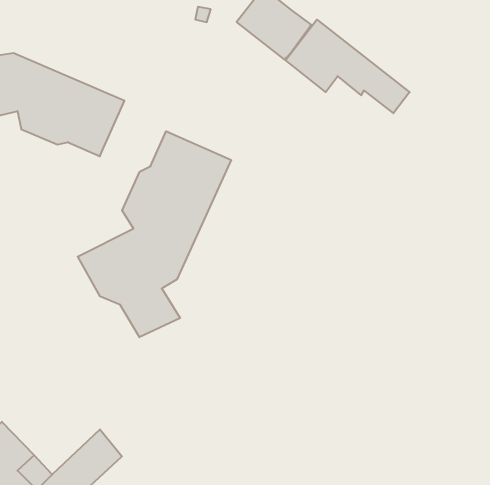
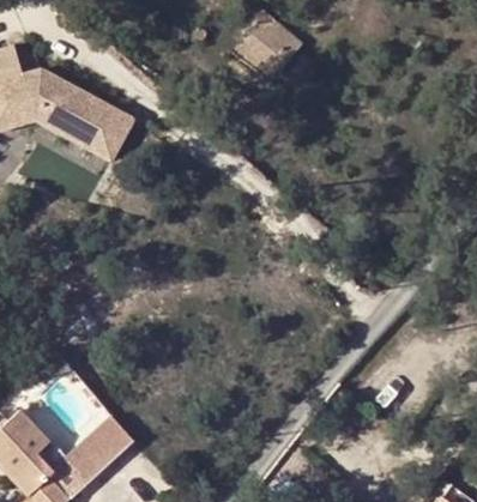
building: [285,20,410,113] -> none
building: [78,131,231,337] -> none

